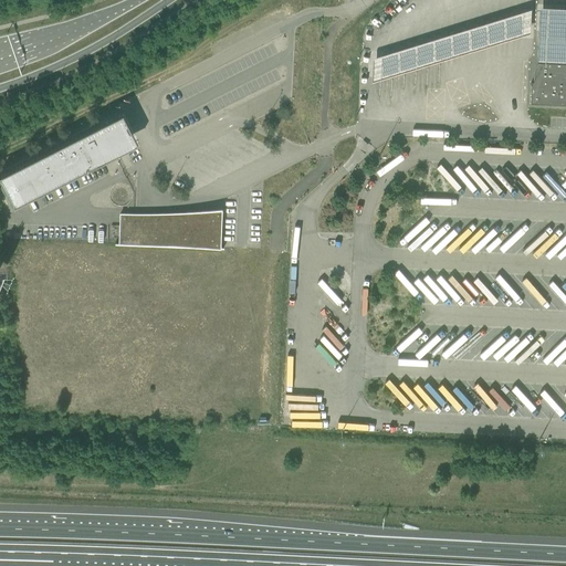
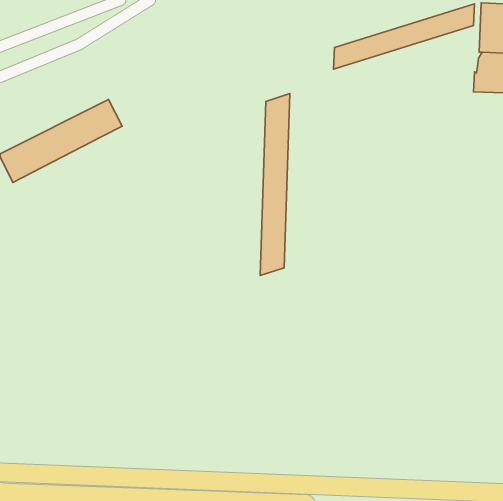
building: none -> [260,94,290,276]
building: [119,211,223,250] -> none

